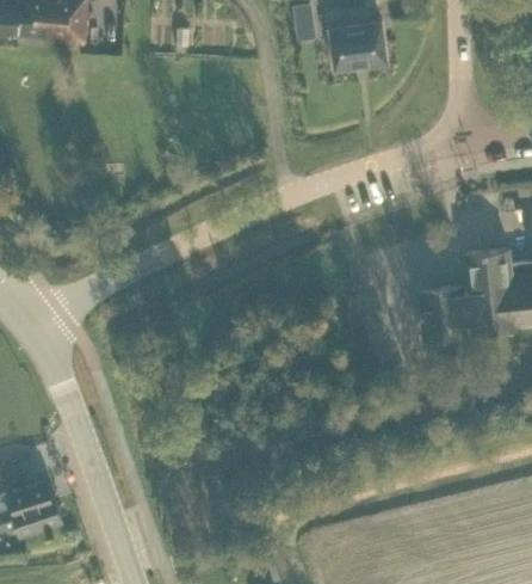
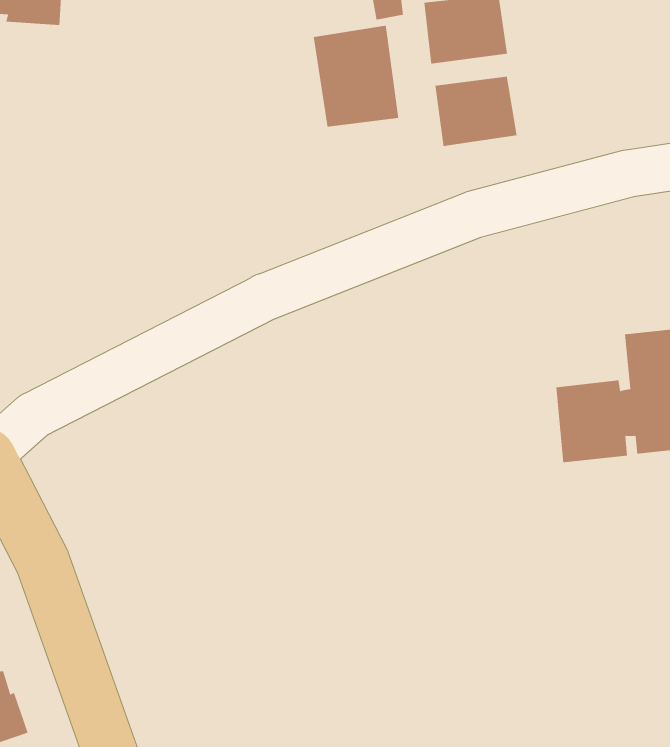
building: none -> [313,25,399,127]
building: none -> [435,76,517,147]

